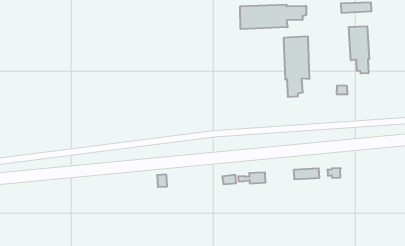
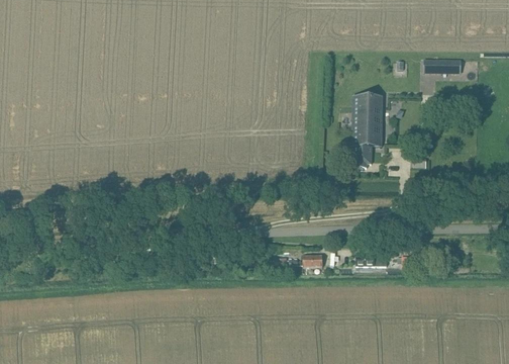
building: [240,5,306,29] -> none
building: [349,26,369,74] -> none

